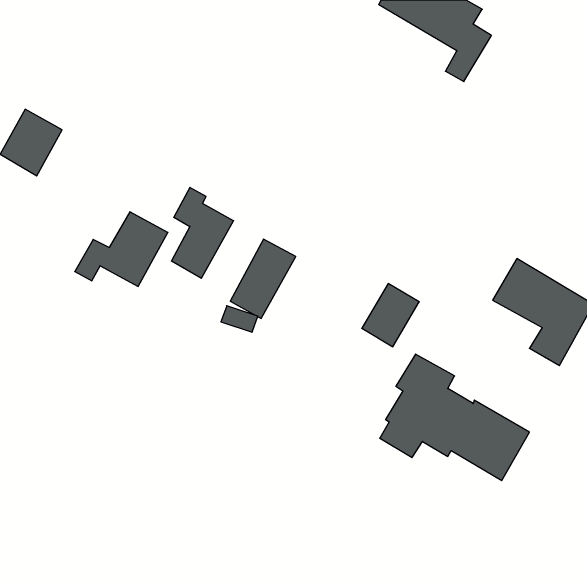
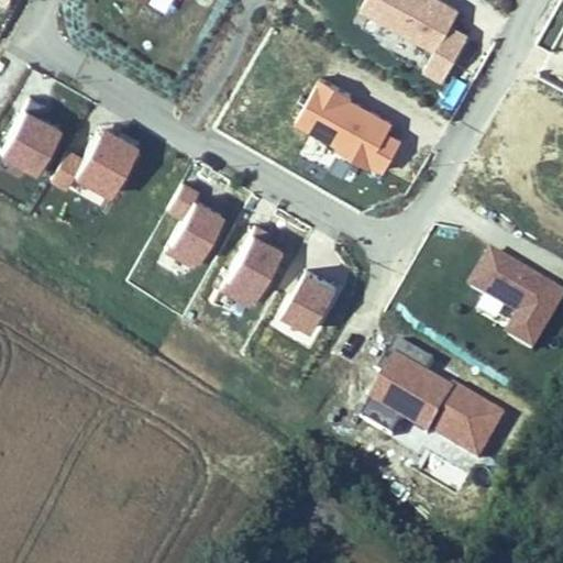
building: none -> [297,80,405,173]
building: [75,212,168,286] -> [51,124,140,196]
building: [362,283,419,347] -> [285,269,340,330]

